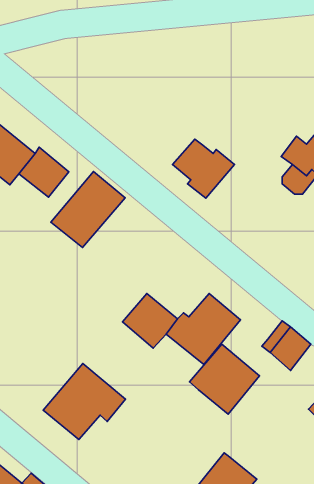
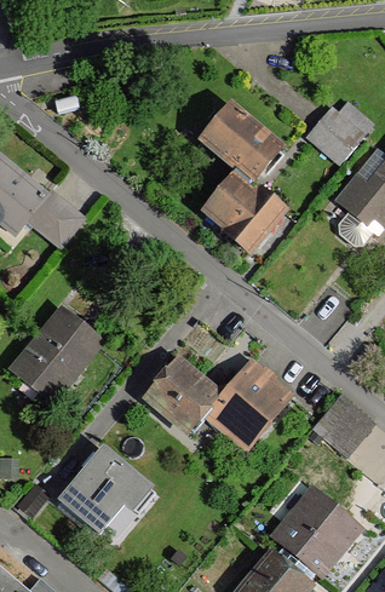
building: none -> [309,104,372,161]
building: none -> [203,108,278,186]
building: [51,171,125,248] -> [12,309,100,400]
building: [189,344,260,414] -> [275,489,358,573]

